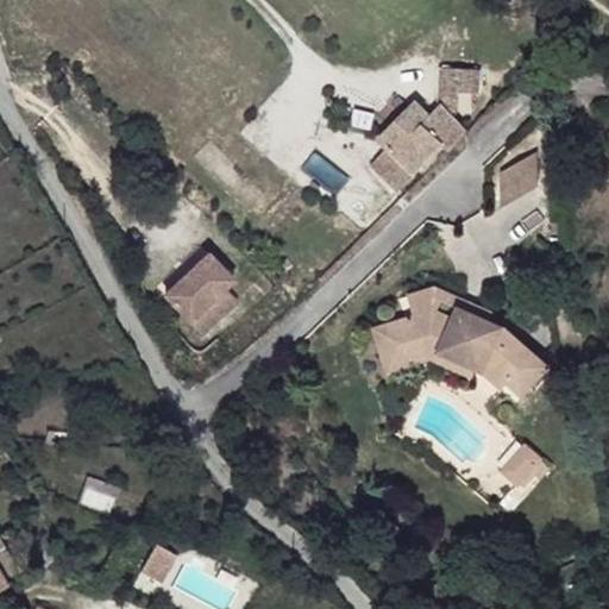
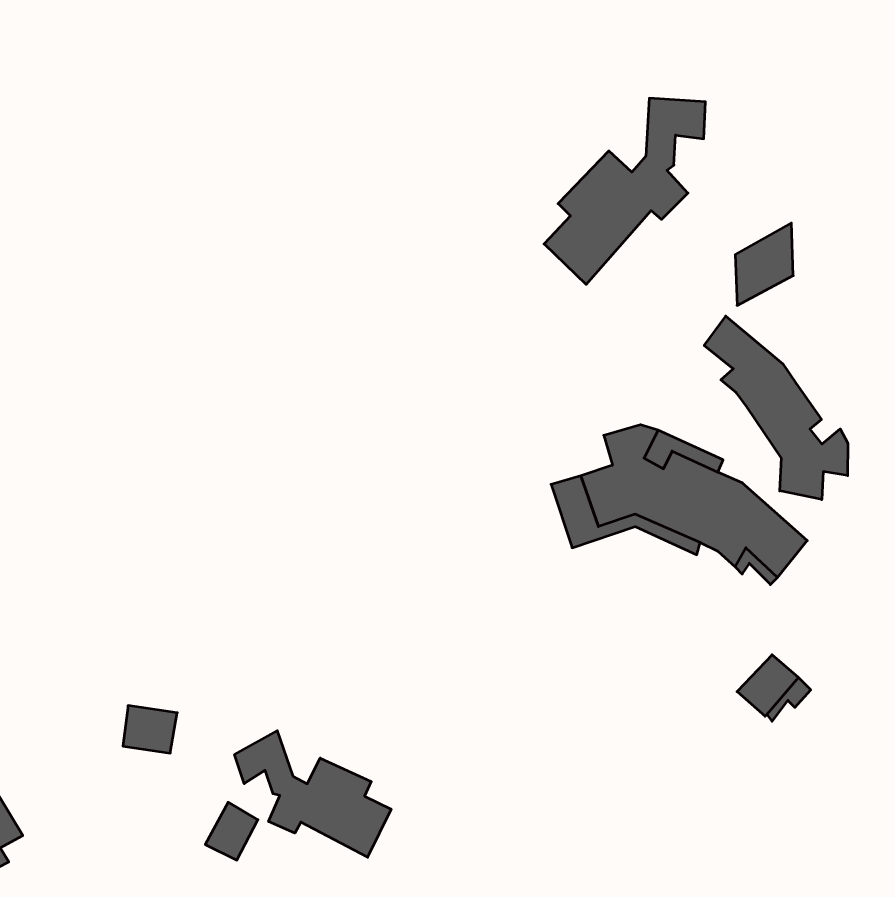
building: none -> [704,316,848,500]
building: [164,253,237,334] -> none
building: none -> [235,731,391,857]

